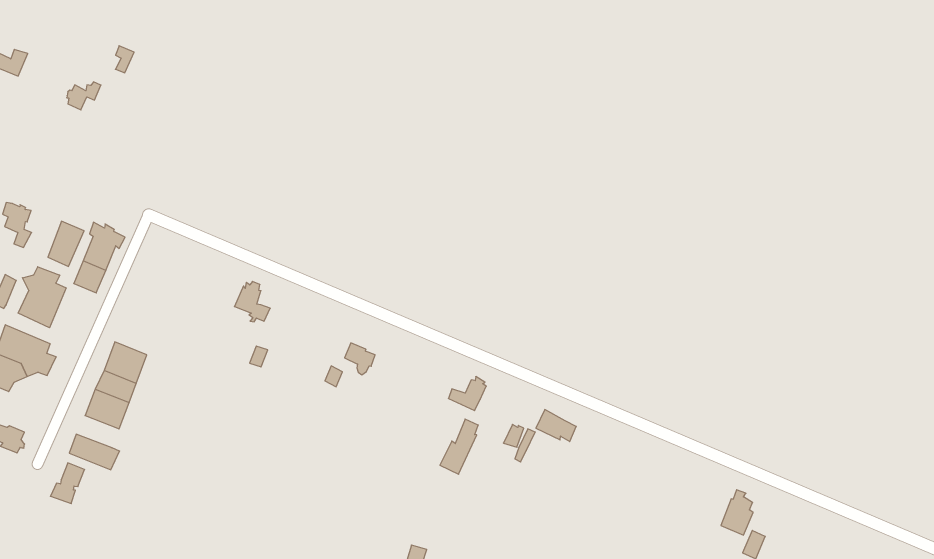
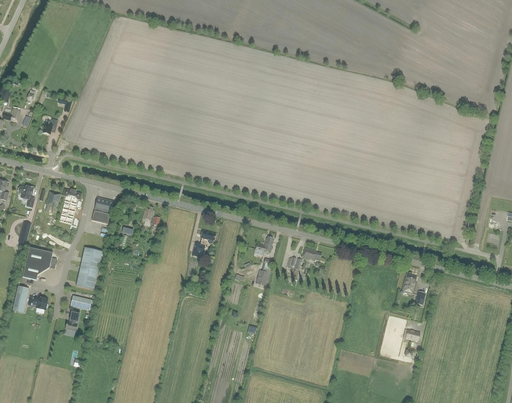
building: none -> [91,196,112,223]
building: [18,267,66,328] -> none

